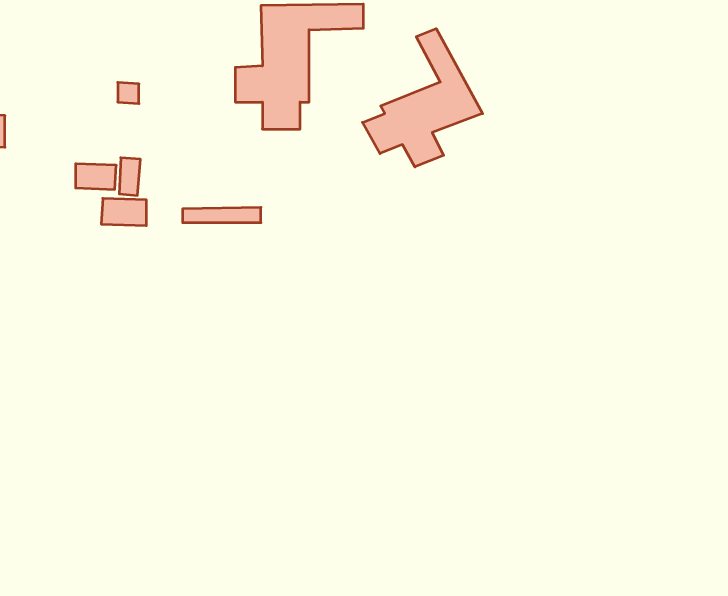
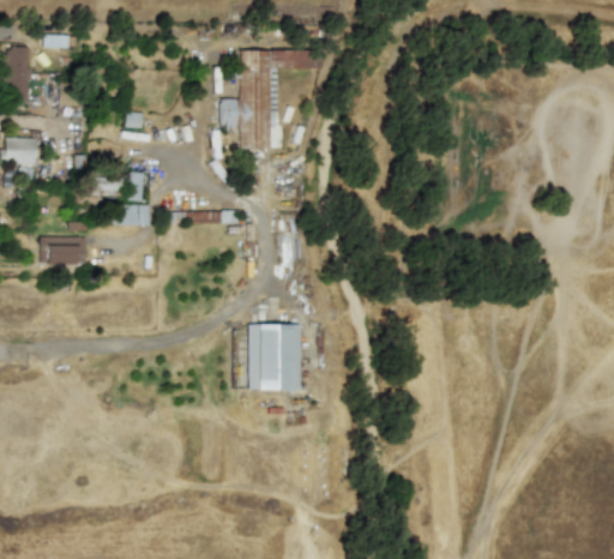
building: [362,29,483,167] -> none
building: none -> [41,236,86,264]
building: none -> [248,324,301,390]

